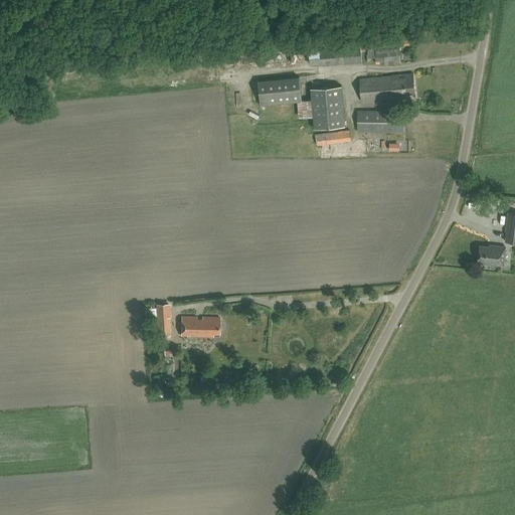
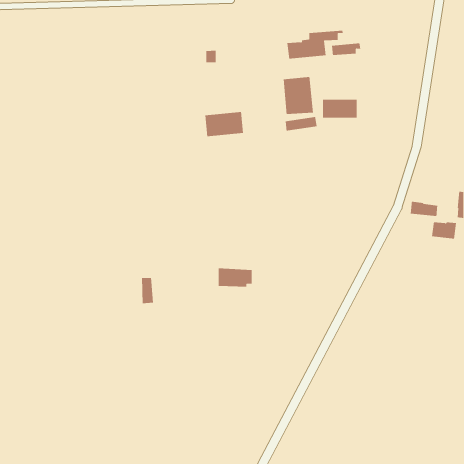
building: [358,73,414,102] -> none
building: [258,77,301,106] -> [205,111,244,137]
building: none -> [410,201,438,217]
building: [180,317,218,338] -> [218,268,253,287]

